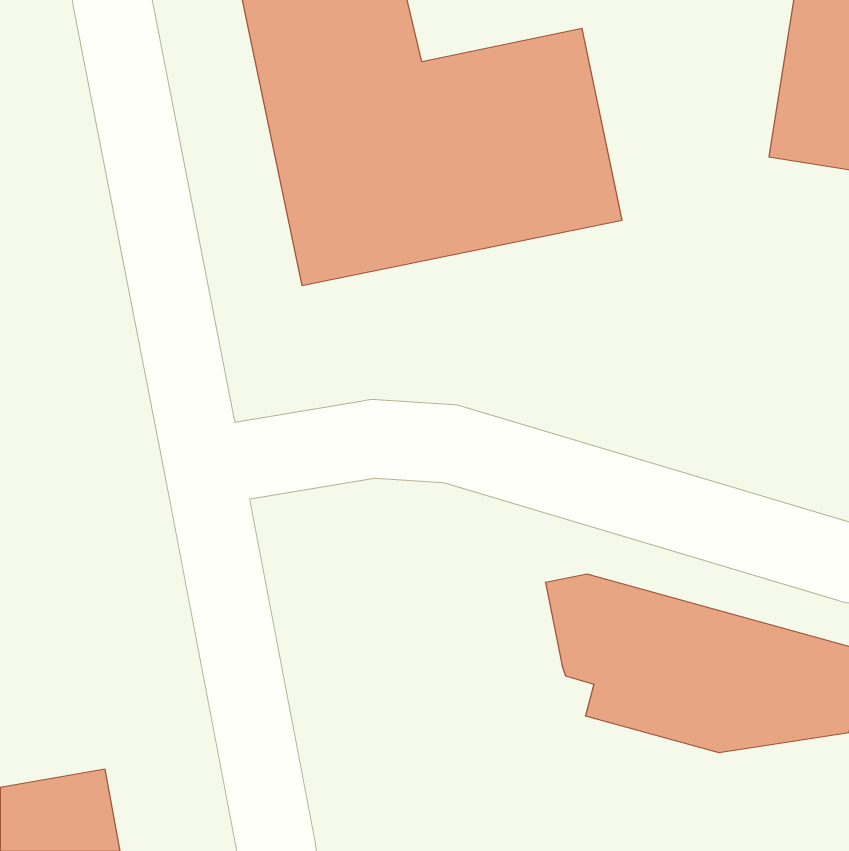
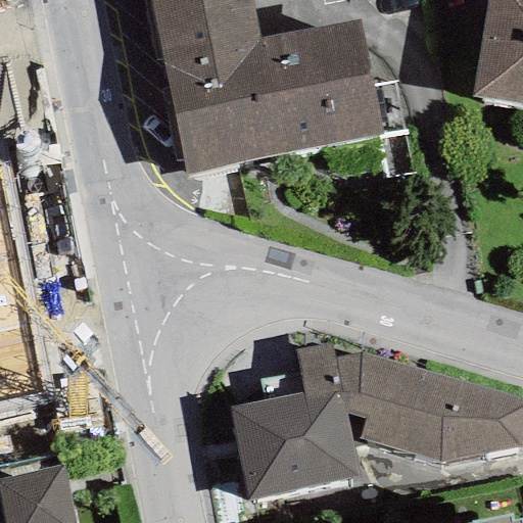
building: none -> [231,341,361,497]

